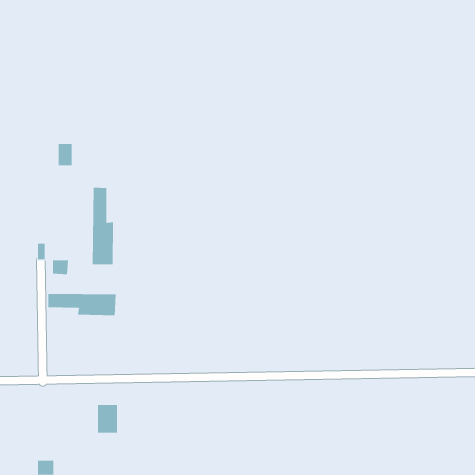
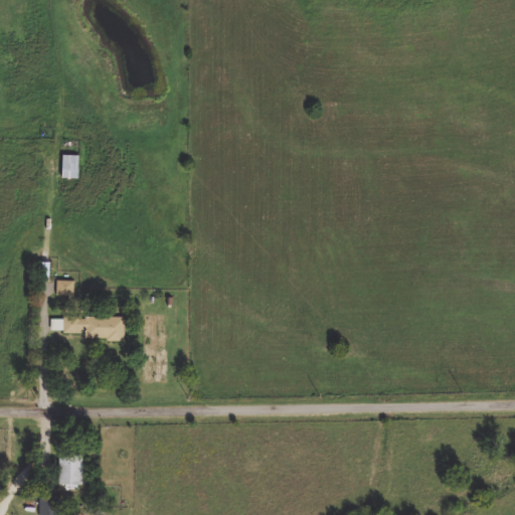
building: [92,187,113,265] -> none
building: [97,404,118,433] -> [59,455,81,486]

